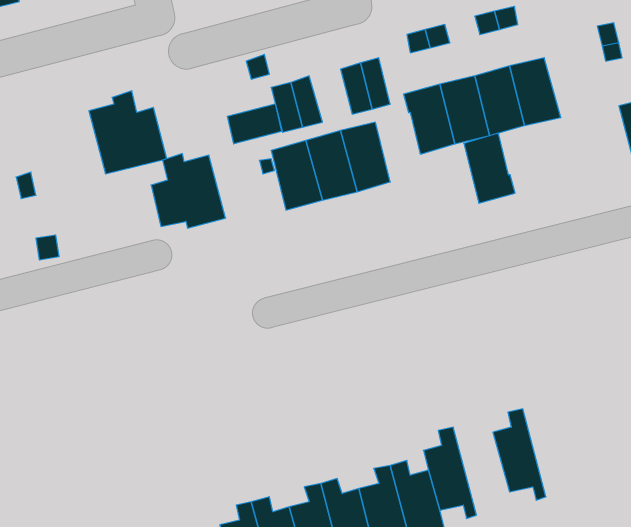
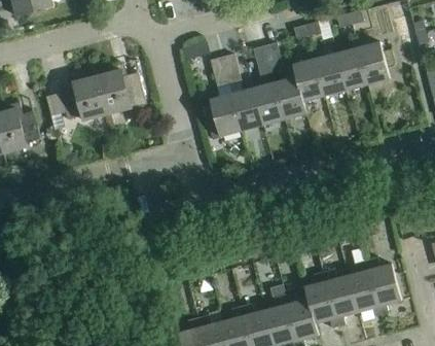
building: [228,104,281,144] -> none
building: [464,134,515,203] -> [275,75,306,118]
building: [151,154,226,228] -> [61,73,107,119]
building: none -> [366,256,401,314]
building: none -> [323,268,358,325]

